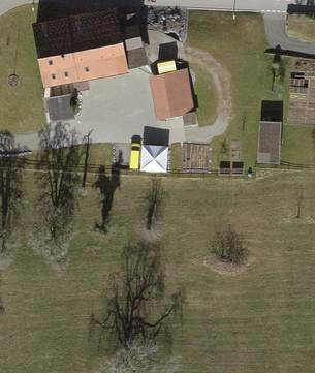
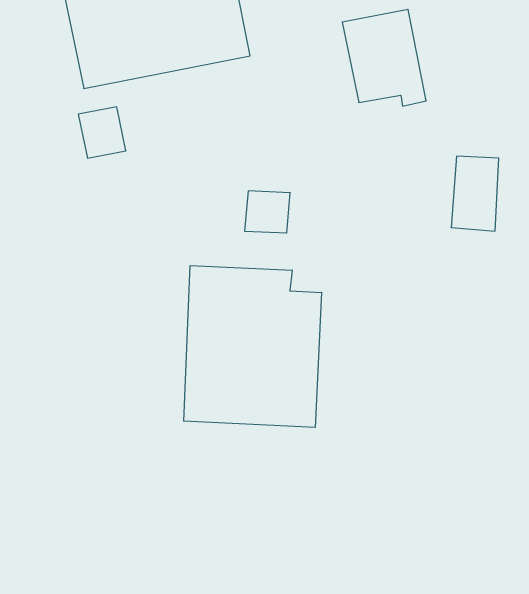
building: [149,71,196,126] -> [342,9,426,106]
building: none -> [184,266,322,427]

